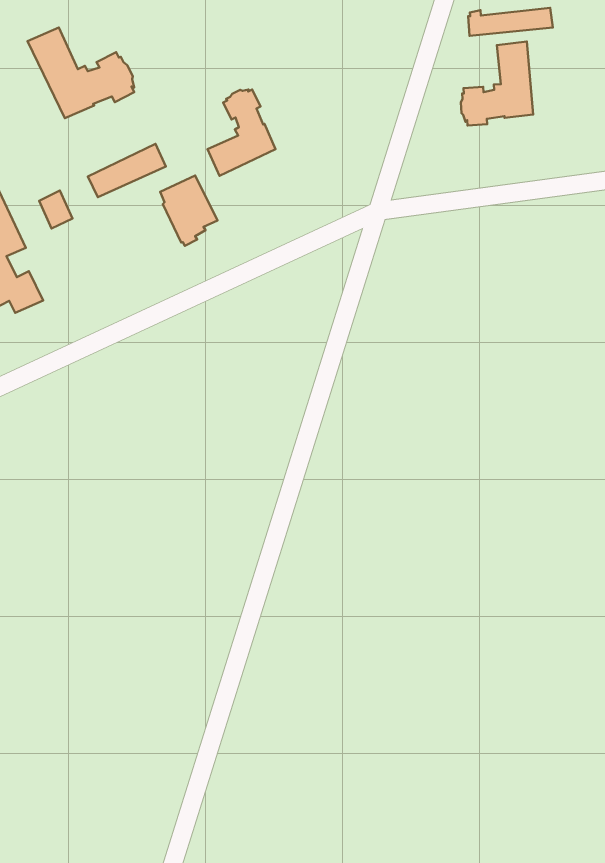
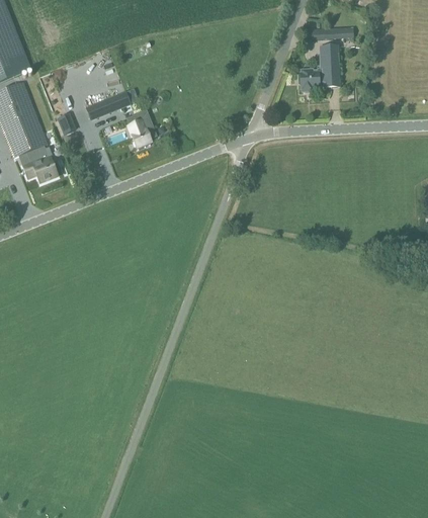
building: [28,27,134,118] -> none
building: [208,89,275,176] -> none

